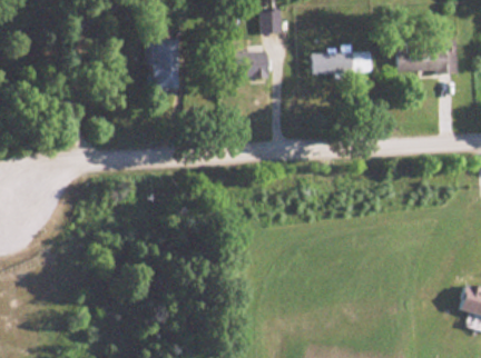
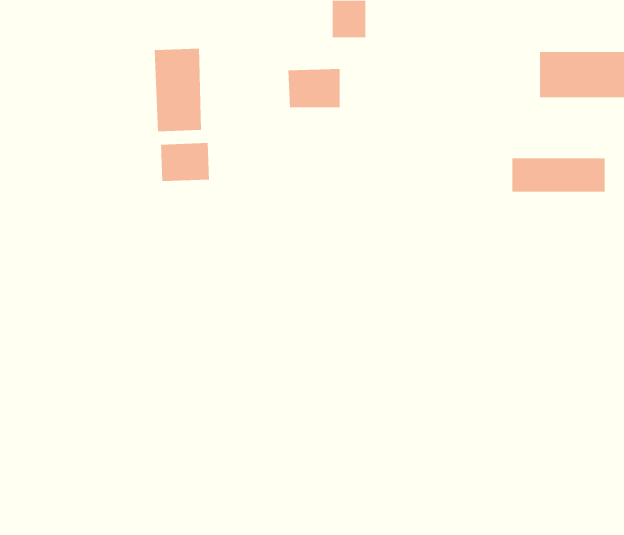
building: [310,52,371,74] -> [511,158,606,192]
building: none -> [160,142,210,182]

